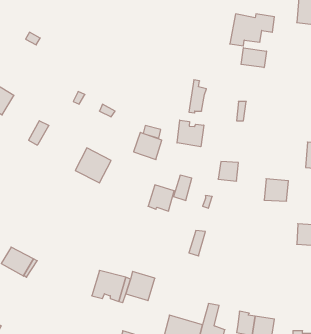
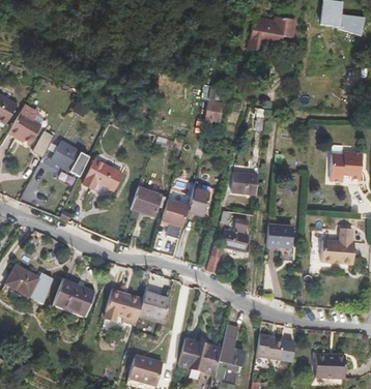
building: [241,48,266,68] -> none
building: none -> [8,103,42,144]
building: [177,120,204,147] -> none
building: none -> [51,140,91,177]
building: [134,132,162,160] -> [132,187,162,216]
building: [264,179,288,201] -> [266,225,292,248]
building: none -> [222,219,250,251]
building: none -> [52,277,94,316]

